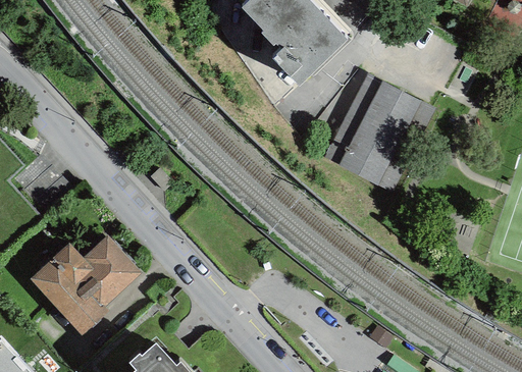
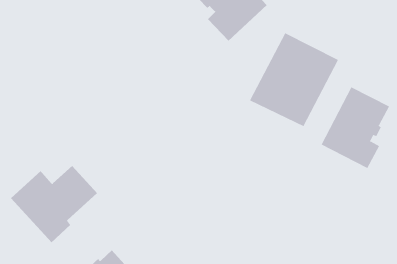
building: none -> [321,87,390,169]

